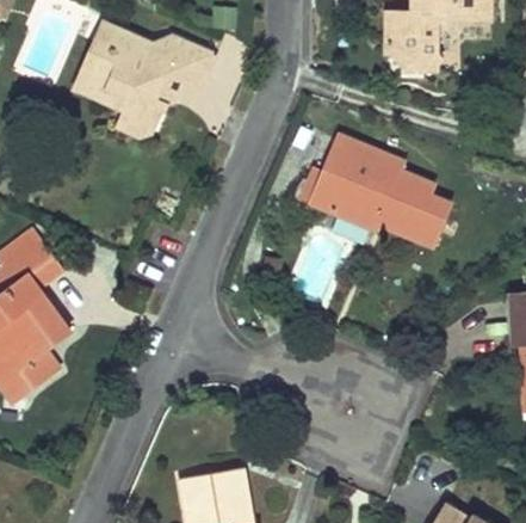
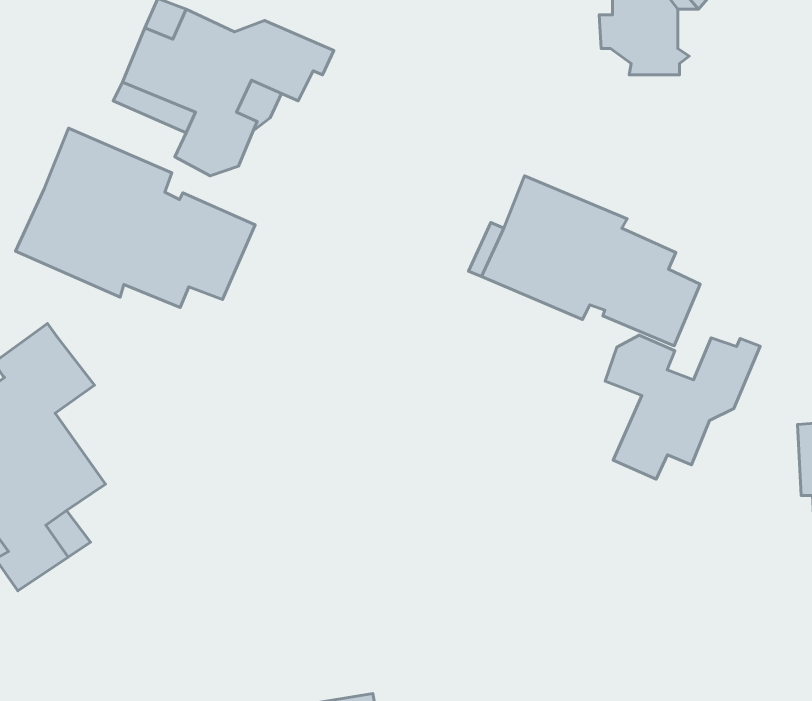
building: none -> [15,128,255,308]
building: none -> [605,335,760,479]

